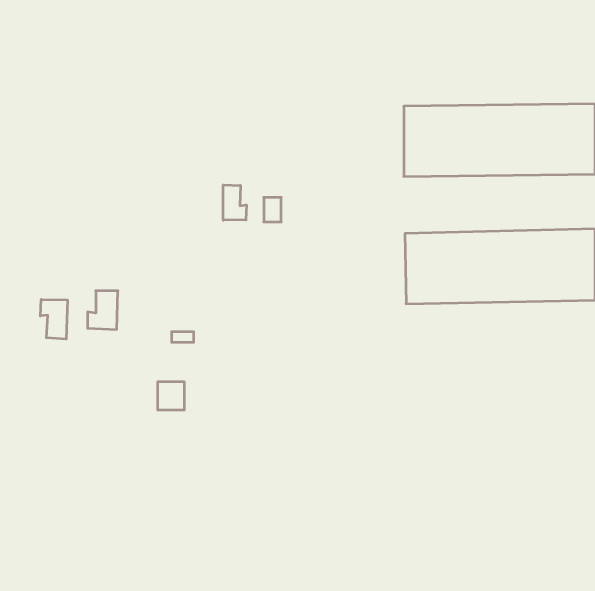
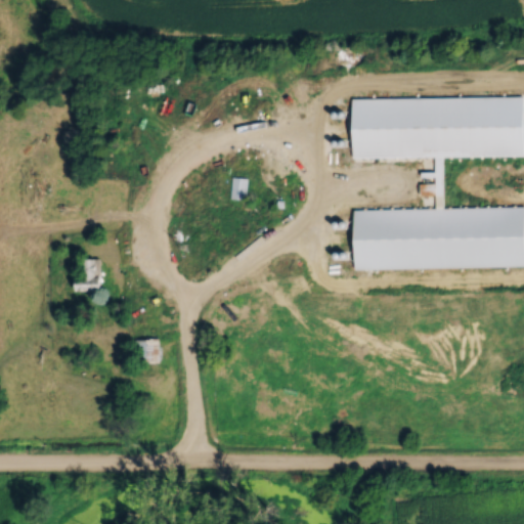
building: [223,185,246,220] -> none
building: [40,299,67,339] -> none

